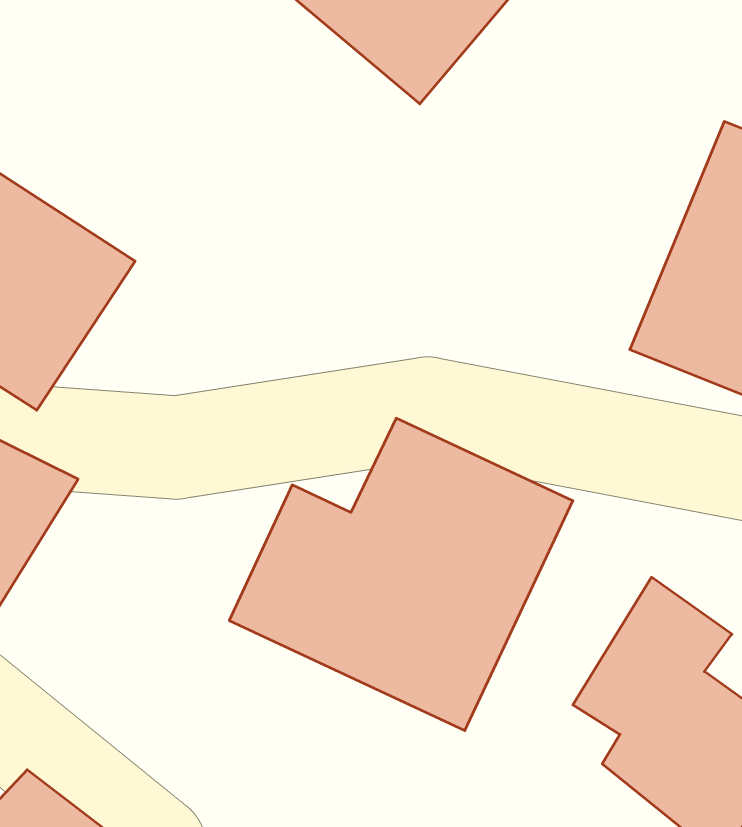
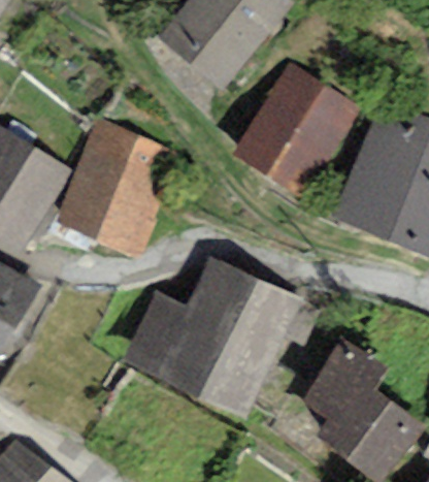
building: none -> [232,62,360,199]
building: none -> [53,117,170,260]

